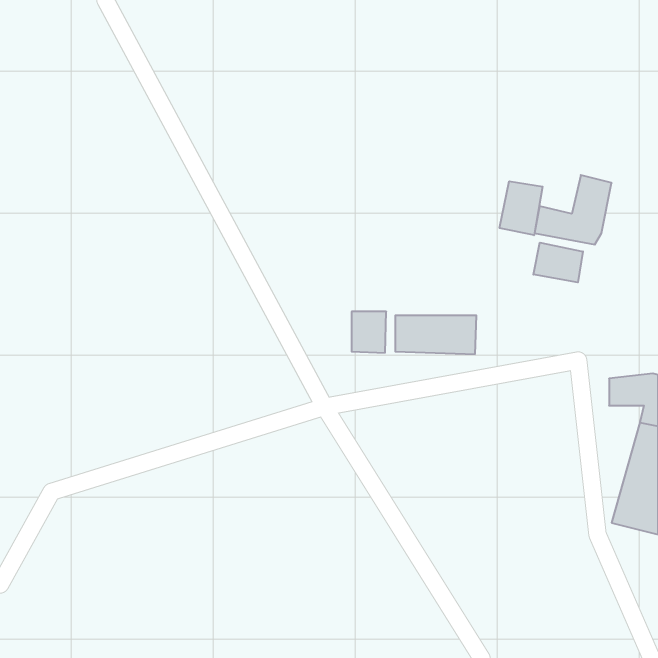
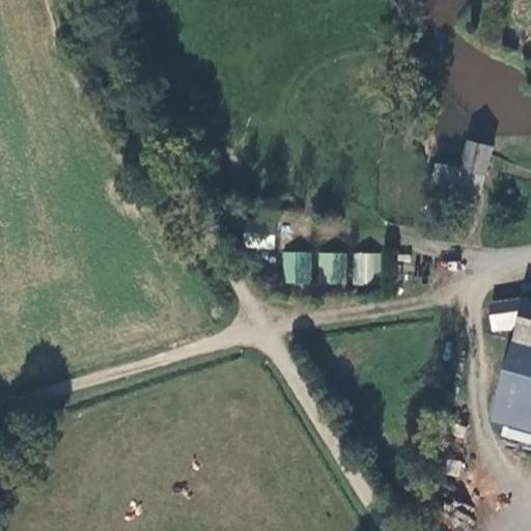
building: [500,181,543,235] -> none
building: [533,243,583,282] -> none

